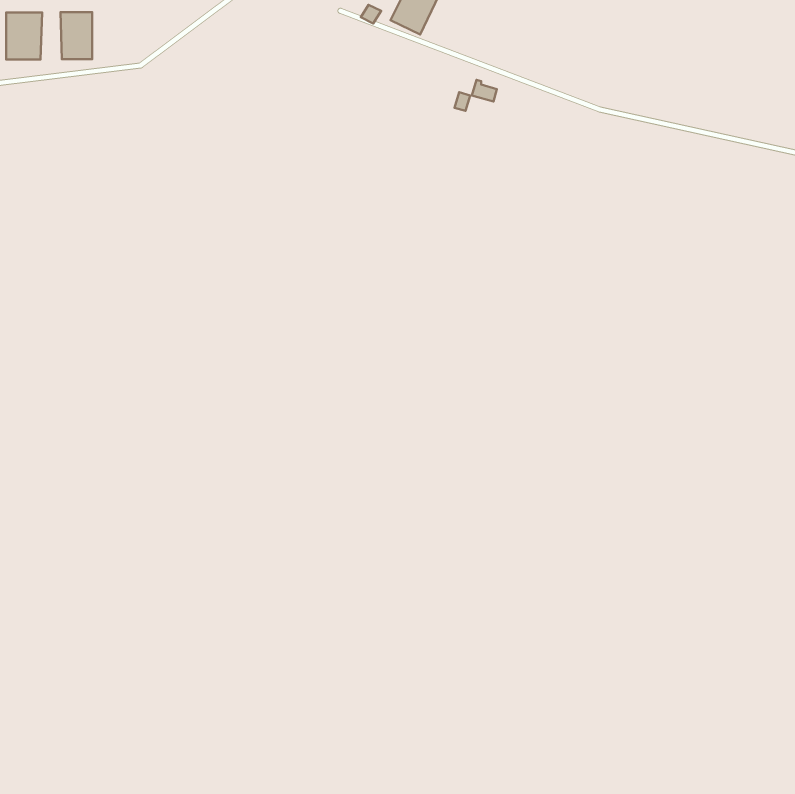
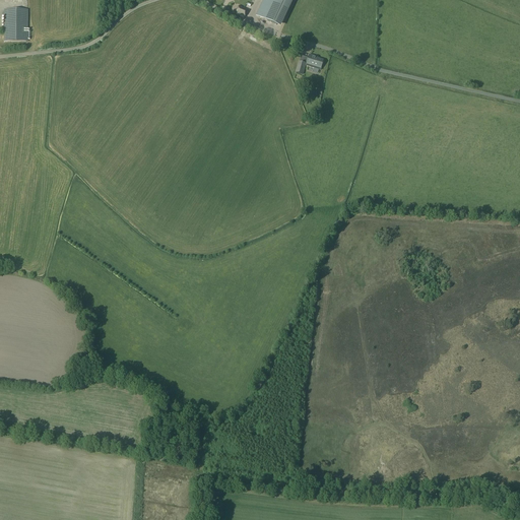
building: [61,12,92,59] -> none

